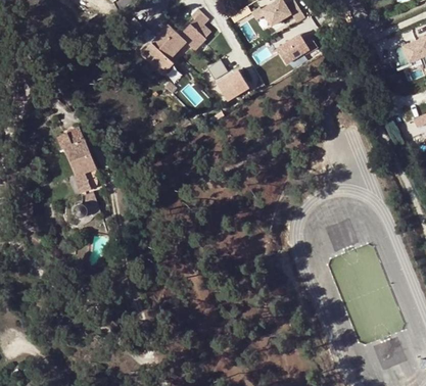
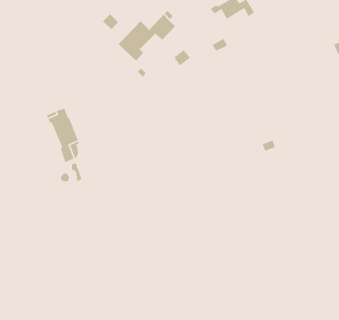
building: [276,34,317,64] -> none
building: [218,68,250,100] -> none

